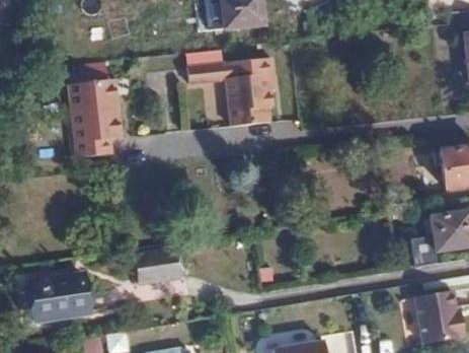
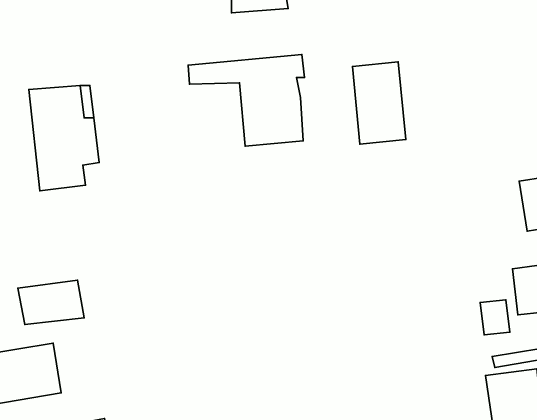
building: none -> [353,62,406,144]
building: [129,252,178,285] -> [18,280,84,325]

